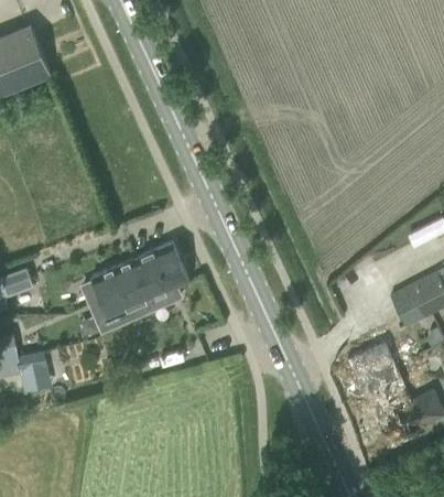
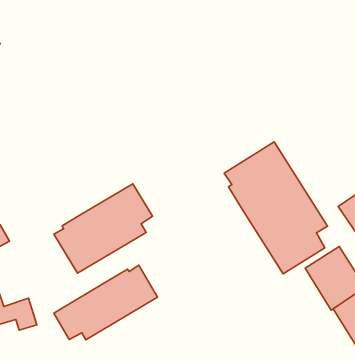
building: none -> [224,142,328,274]
building: none -> [54,265,157,340]

